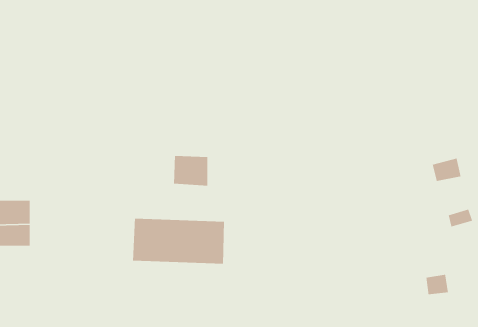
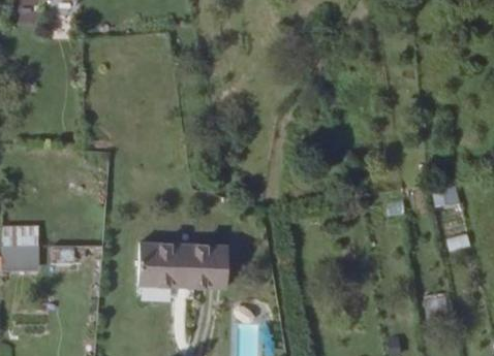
building: [173,155,208,187] -> none

